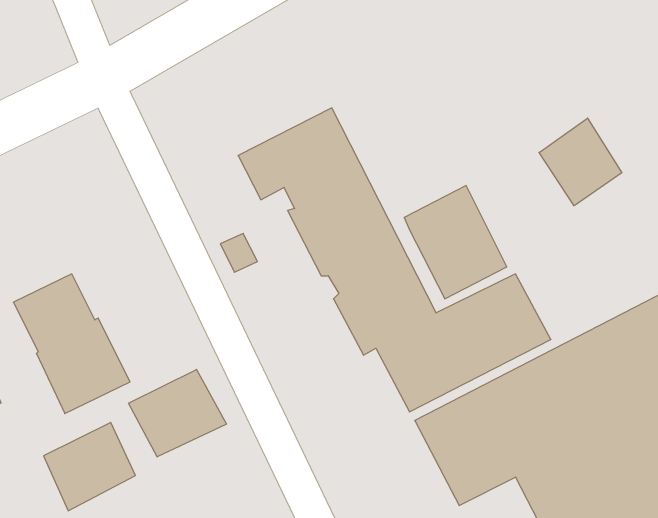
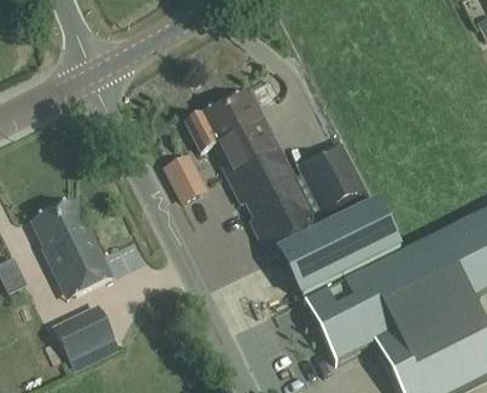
building: [539,118,622,206] -> none
building: [129,369,227,457] -> none

